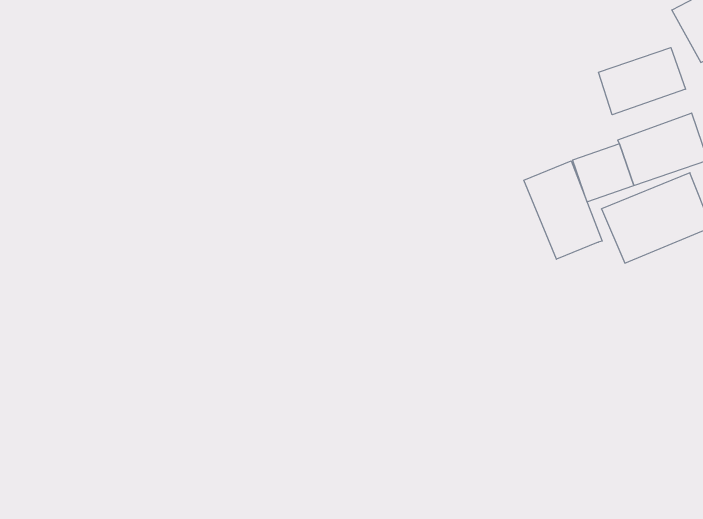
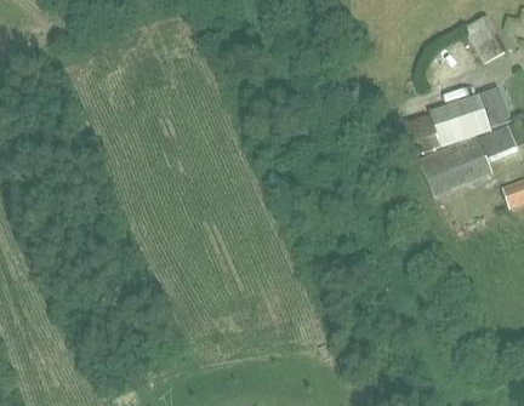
building: [599,48,686,115] -> none
building: [524,161,602,259] -> none

